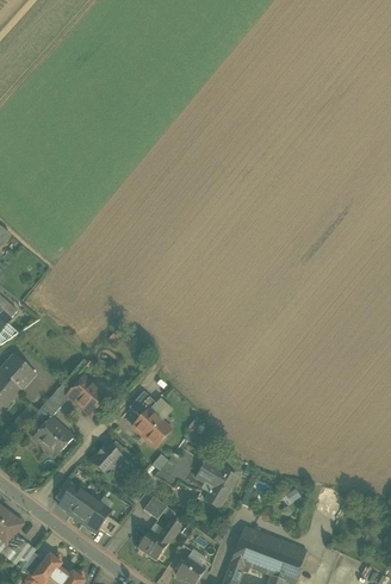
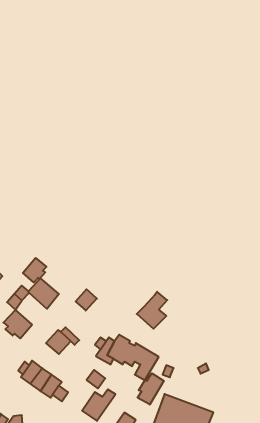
building: none -> [23,258,46,282]
building: [131,398,170,446] -> [137,292,167,329]
building: none -> [138,373,164,405]

